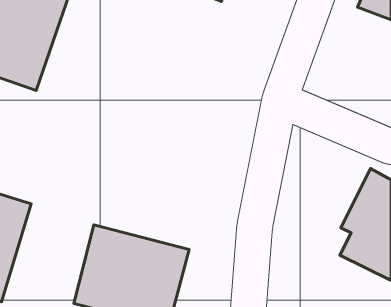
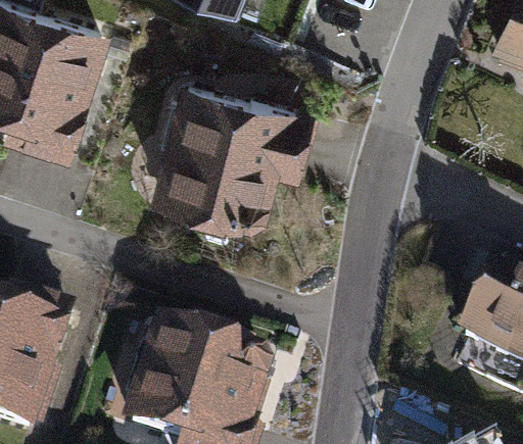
building: none -> [154,82,312,230]

